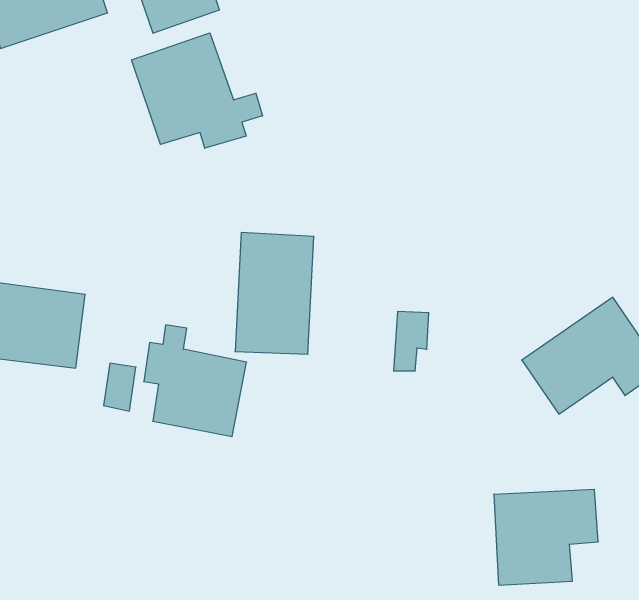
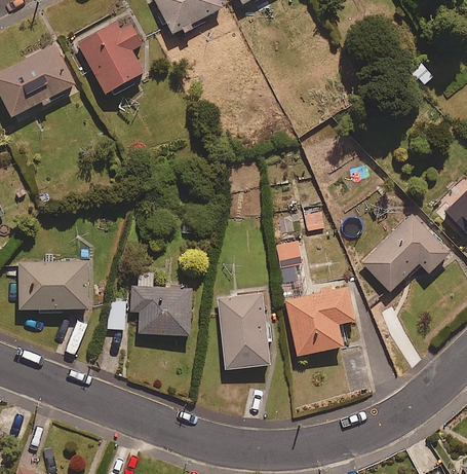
building: [132,33,263,148] -> none
building: [235,232,314,354] -> [218,292,270,370]
building: [494,489,598,585] -> [286,289,355,357]

